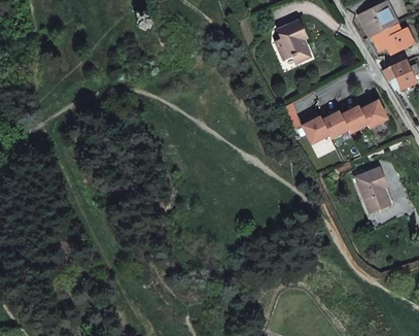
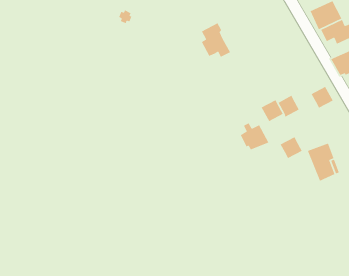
building: [278,19,313,60] -> [201,22,231,58]
building: [341,106,368,133] -> [280,136,303,159]
building: none -> [240,122,269,151]

